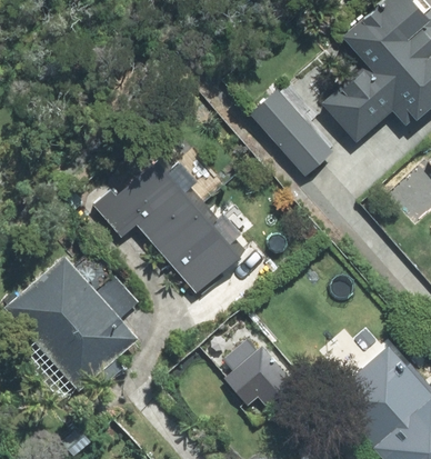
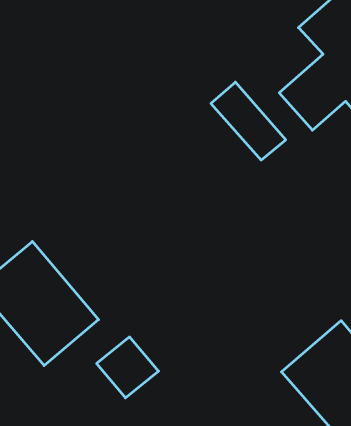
building: [107,164,237,287] -> none
building: [227,349,291,412] -> [97,337,159,398]

